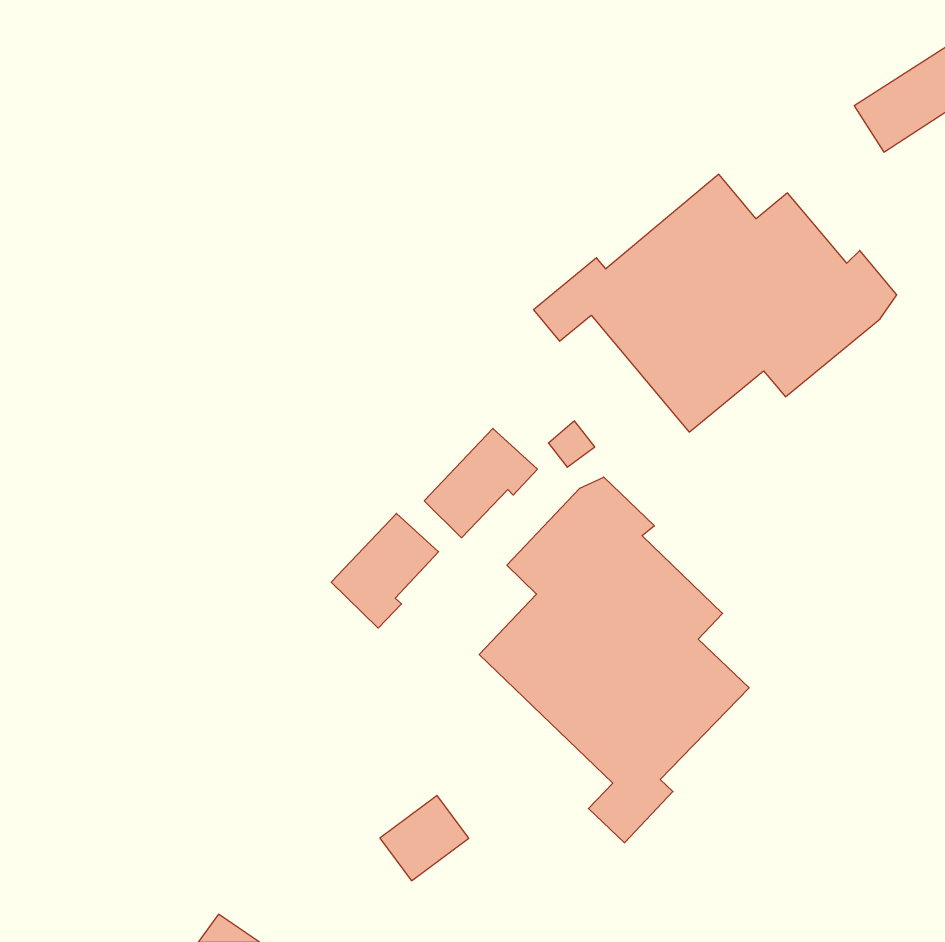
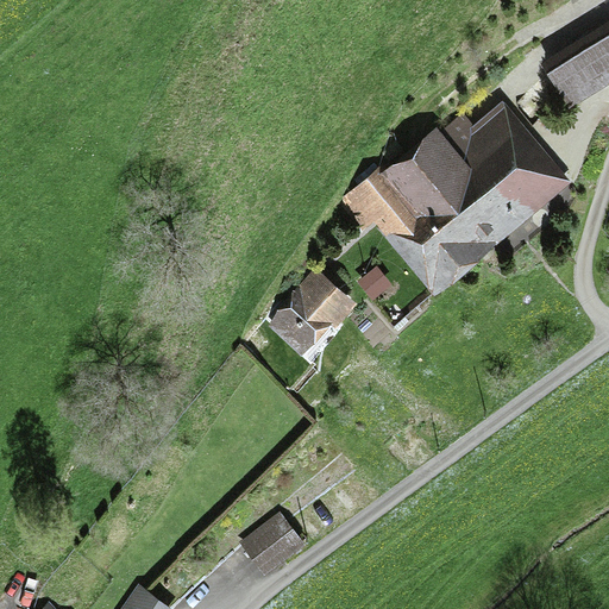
building: [479,477,749,843] -> none
building: [331,513,439,628] -> none

